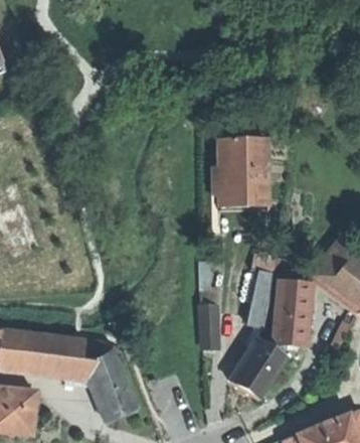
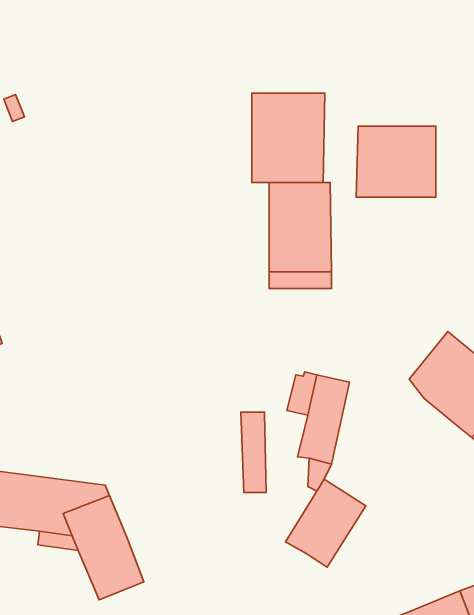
building: none -> [252,93,325,183]
building: none -> [356,126,436,197]
building: [276,281,311,345] -> none

